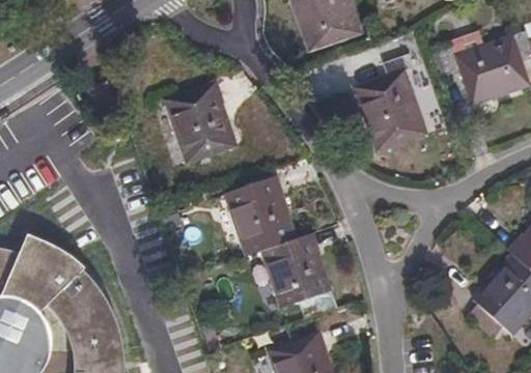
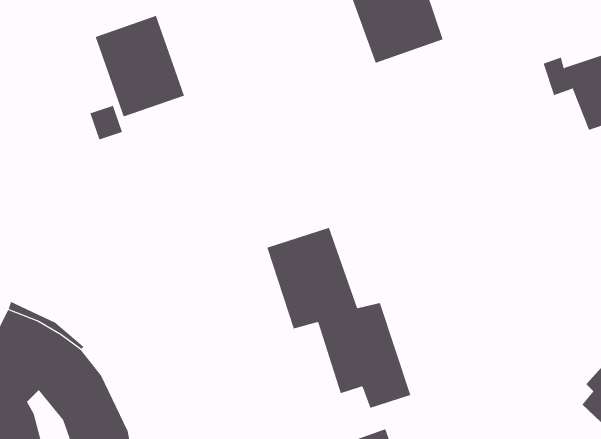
building: [357,54,427,150] -> none
building: [167,83,236,162] -> [95,15,185,117]

